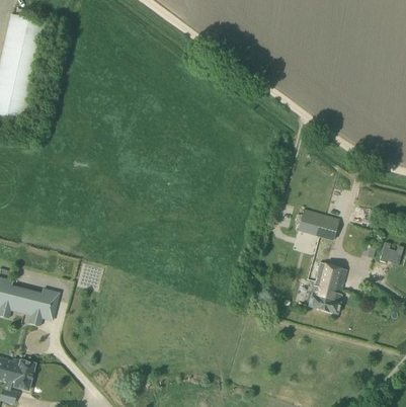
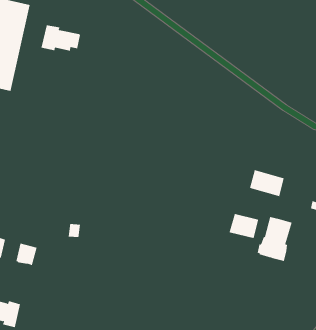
building: none -> [41,25,81,51]
building: none -> [229,213,259,239]

